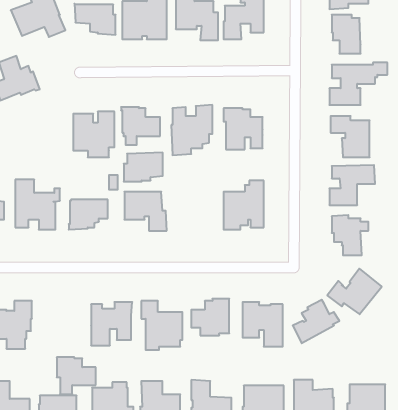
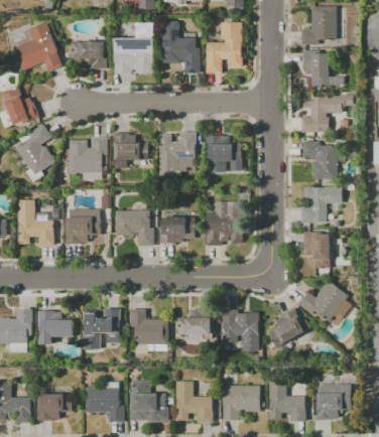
building: none -> [14,123,54,181]
building: [124,153,163,182] -> [158,216,194,243]
building: [57,357,96,394] -> [36,311,72,344]

